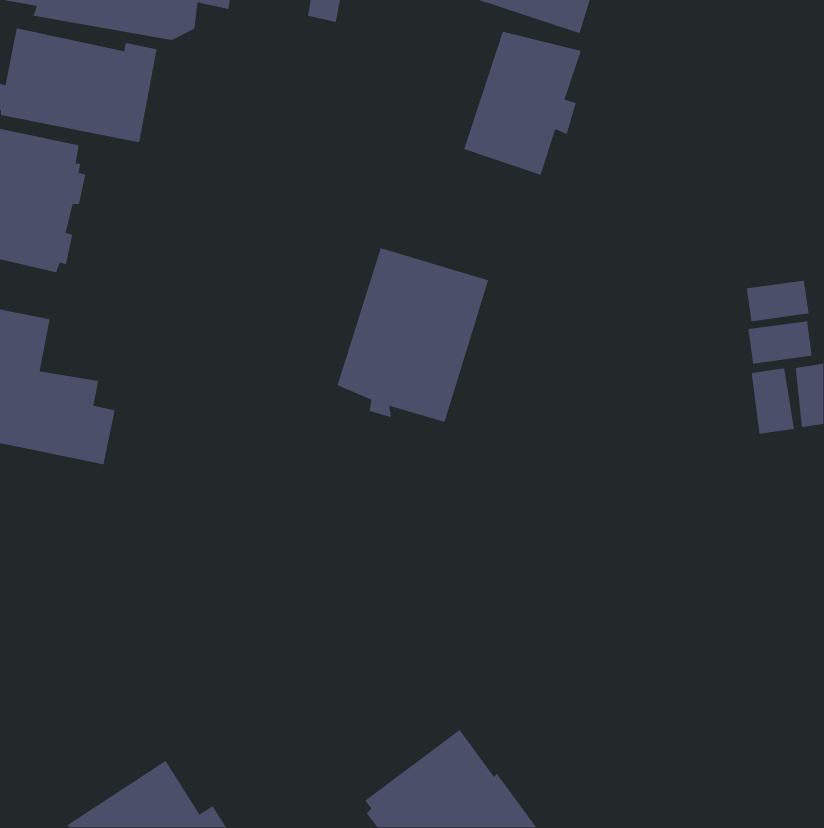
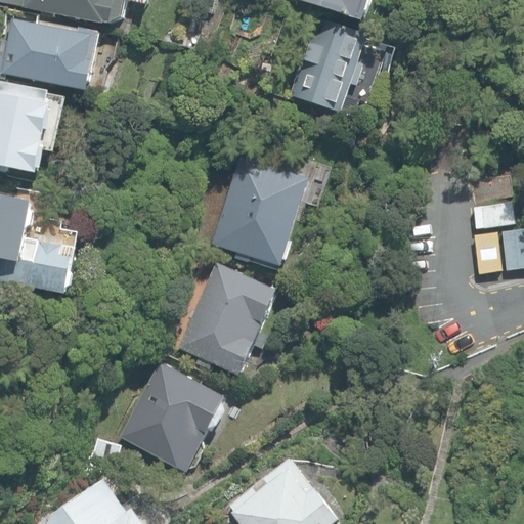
building: none -> [177,262,277,375]
building: none -> [118,362,226,471]

